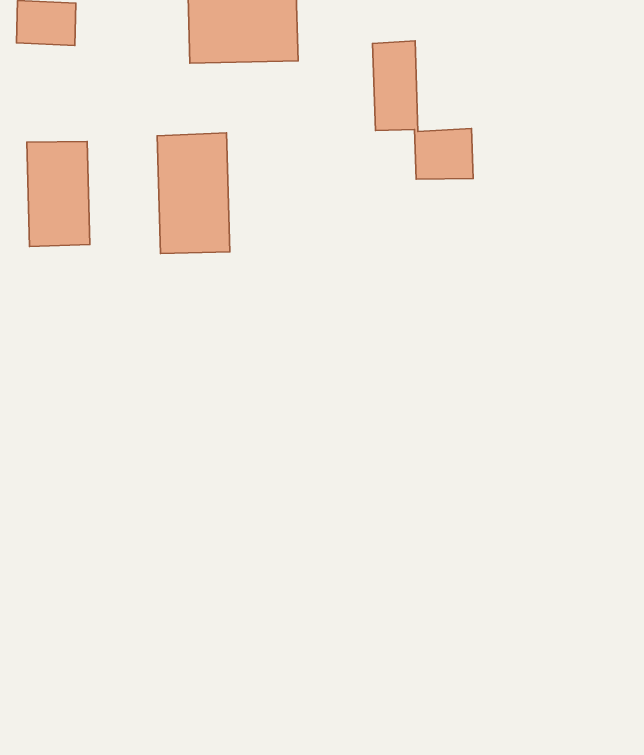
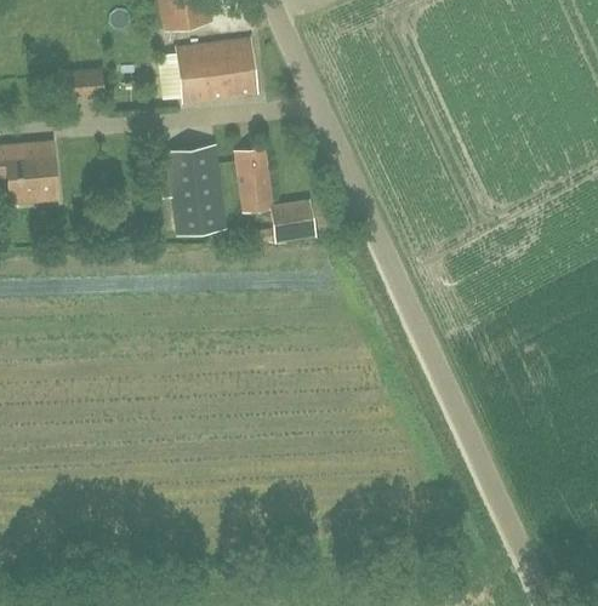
building: [372,41,473,179] -> [235,148,314,242]
building: [27,142,90,246] -> none

